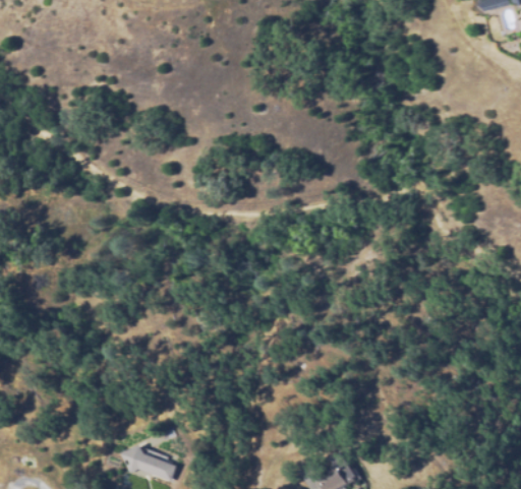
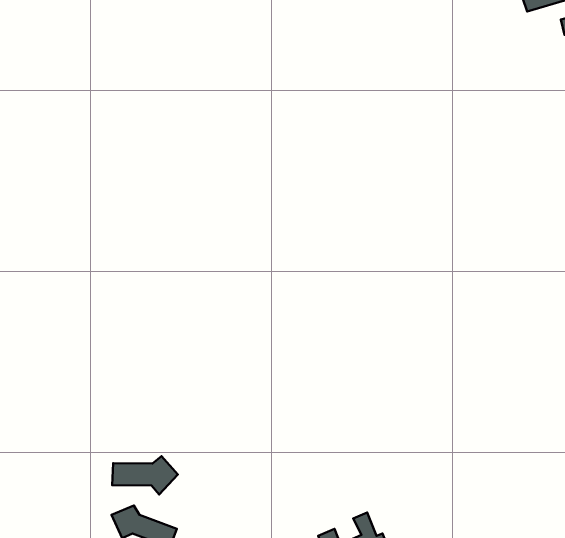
building: none -> [112,456,178,494]

